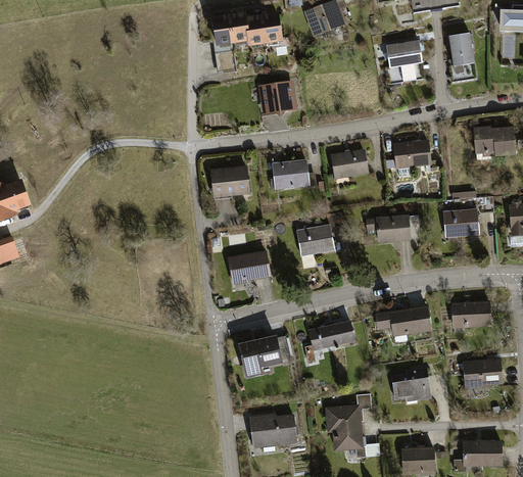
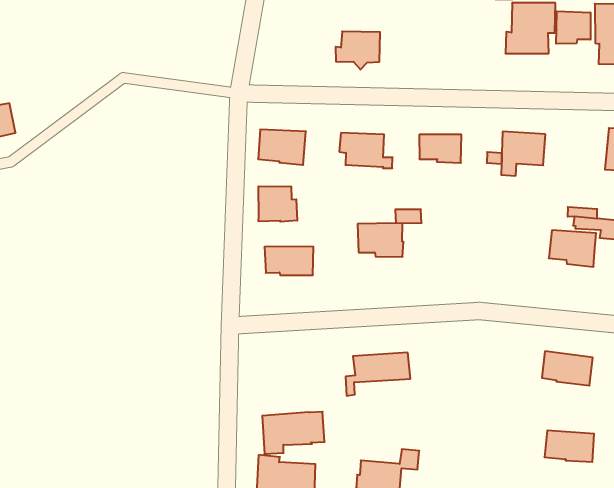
building: none -> [556,11,591,44]
building: none -> [258,186,297,222]
building: [367,216,420,240] -> none
building: [379,306,430,340] -> none
building: [240,335,290,374] -> [262,412,325,454]
building: [391,368,431,398] -> none

